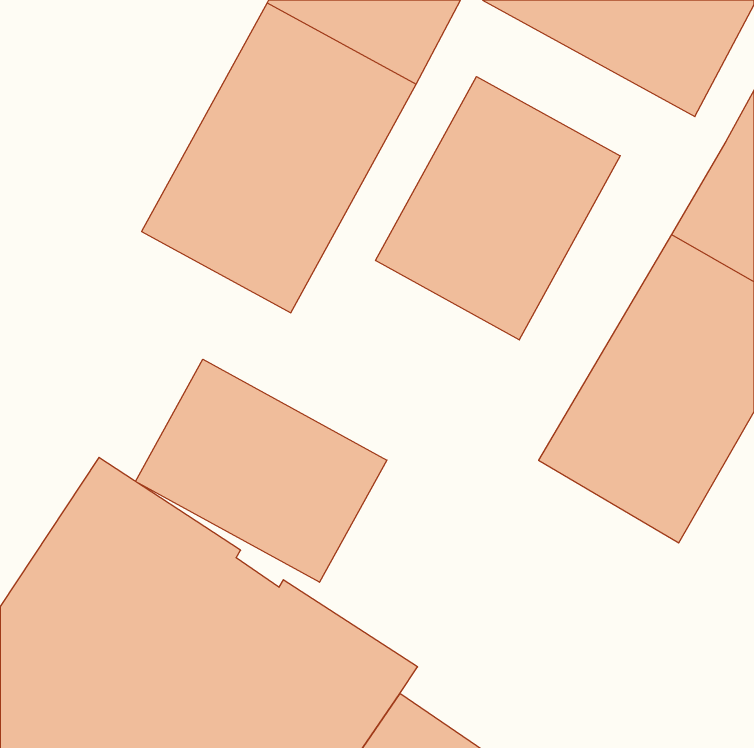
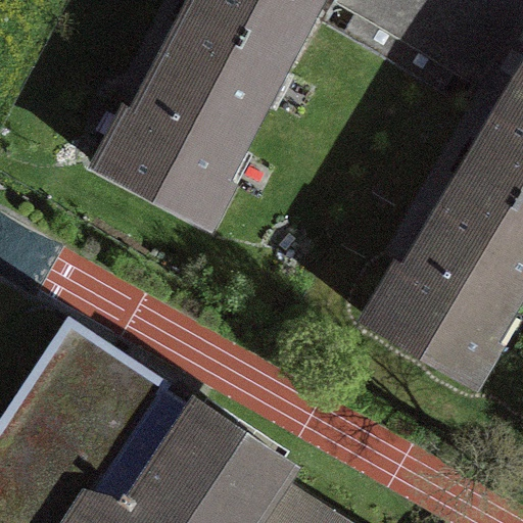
building: [376,77,620,340] -> none
building: [135,359,387,582] -> none

